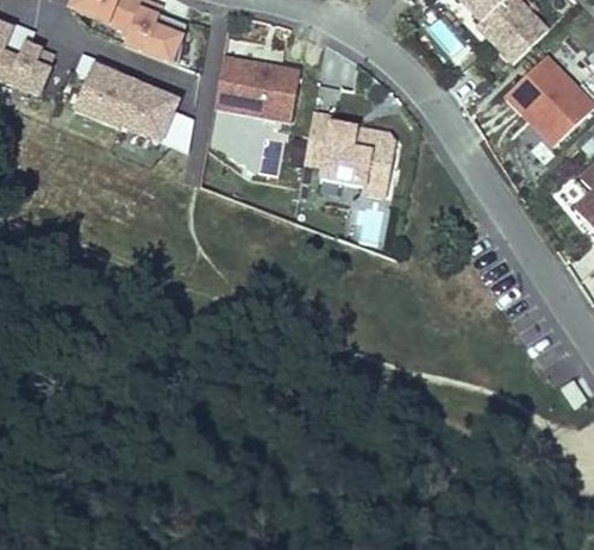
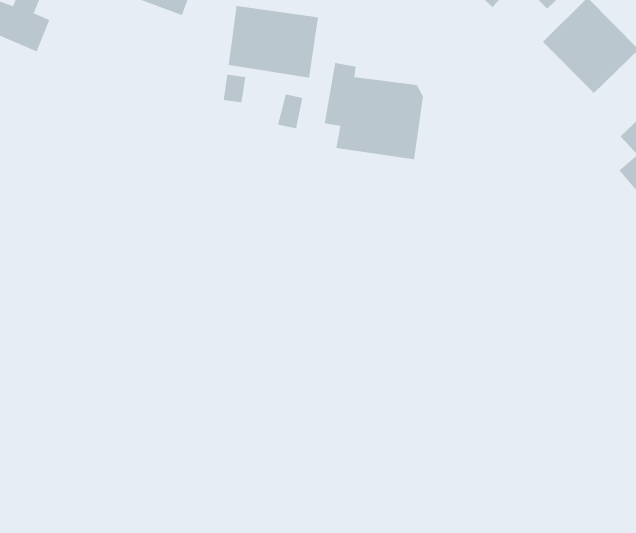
building: [74,62,182,148] -> none

